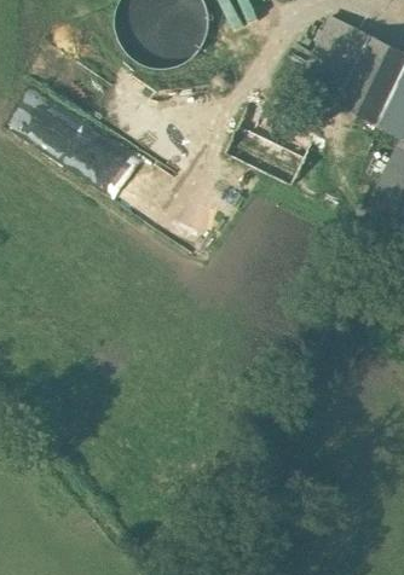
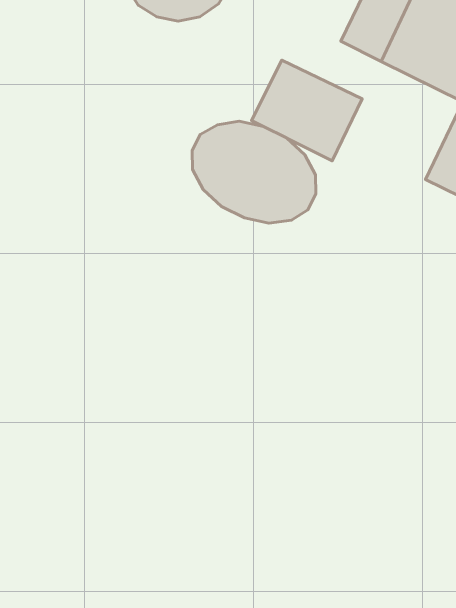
building: none -> [192,121,316,223]

